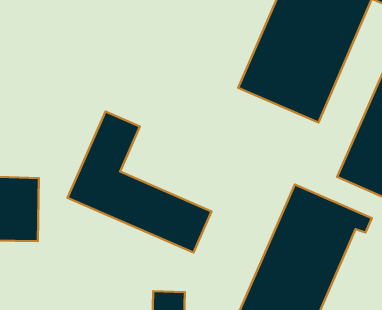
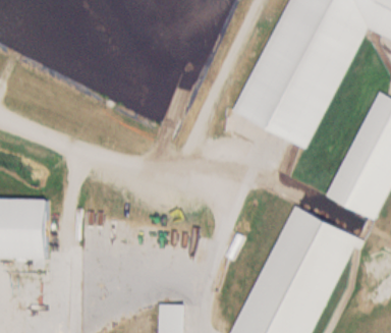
building: [68,112,212,253] -> none

